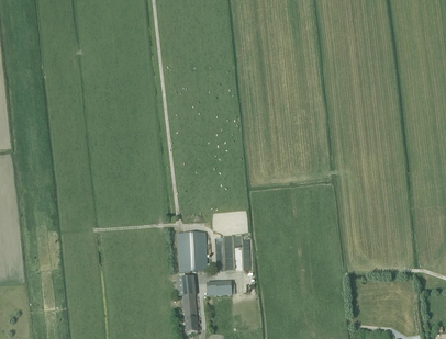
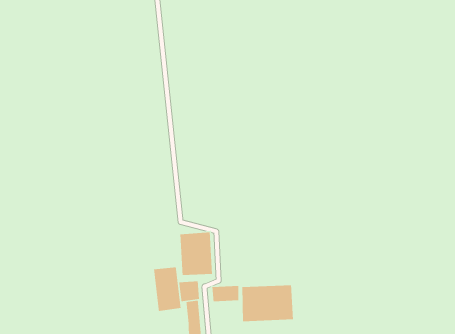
building: none -> [153,267,181,312]
building: none -> [241,284,294,322]

